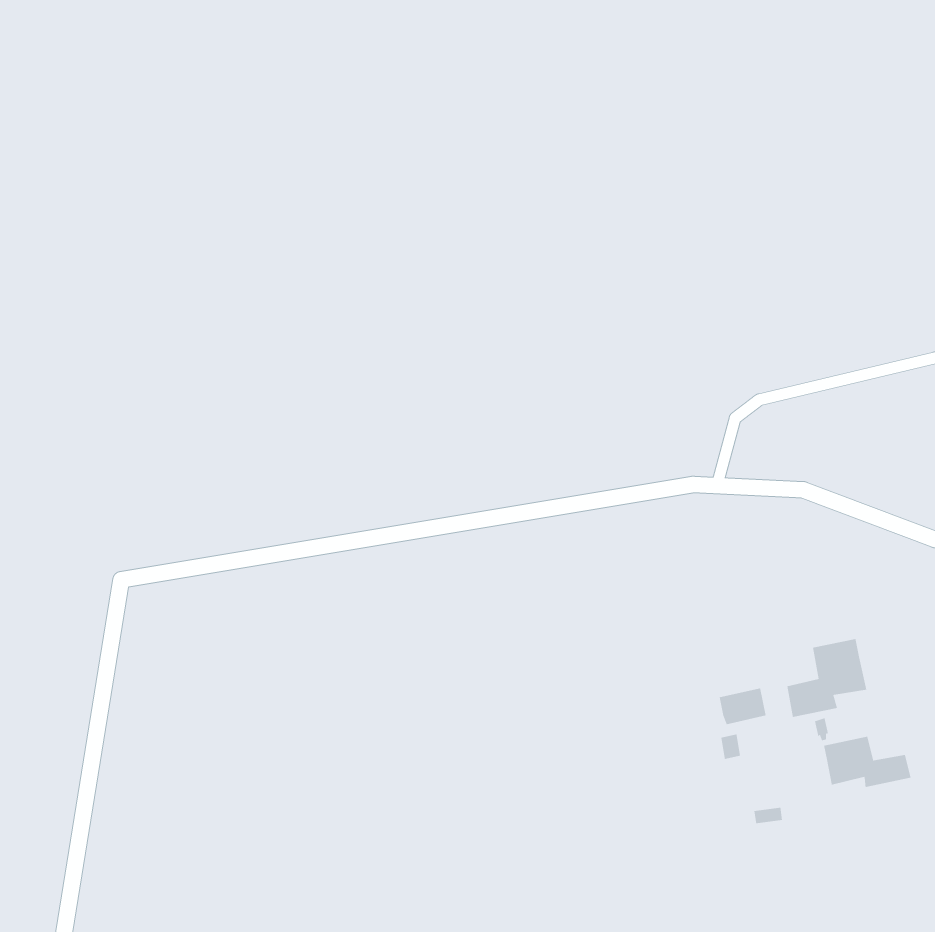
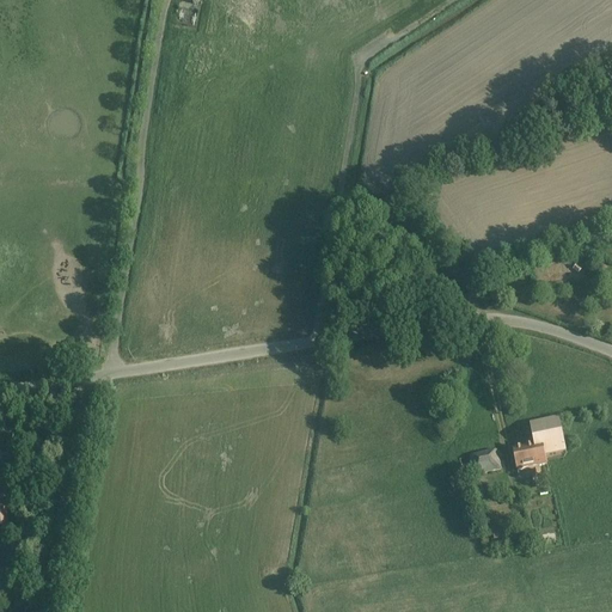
building: [823,736,911,788] -> none

